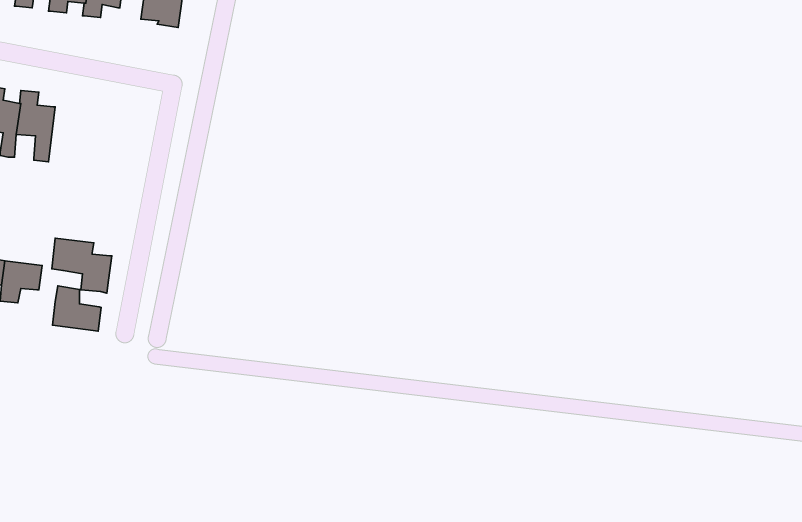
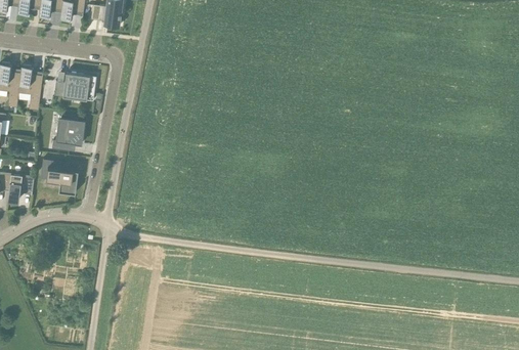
building: none -> [52,73,95,101]
building: none -> [51,119,84,151]
building: [52,286,101,331] -> none

